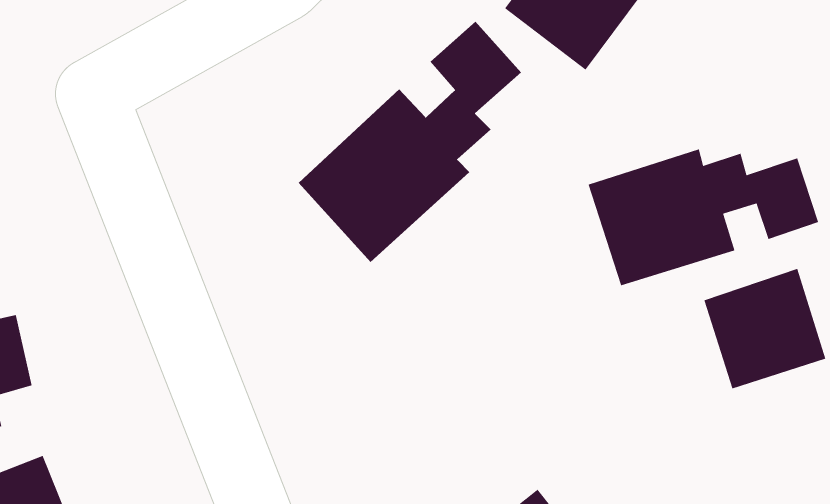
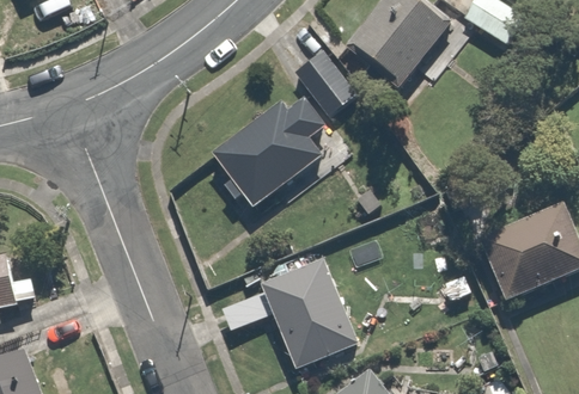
building: [588,149,819,286] -> none
building: none -> [263,258,359,364]

